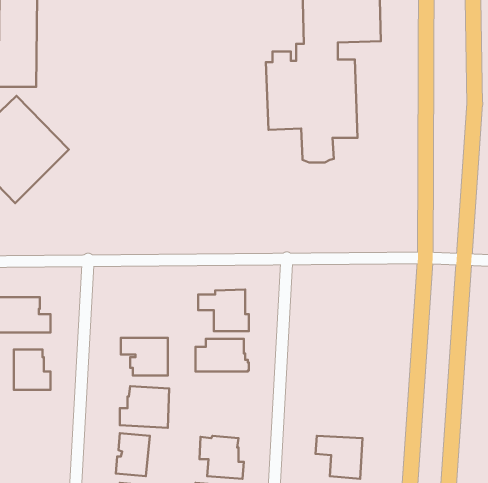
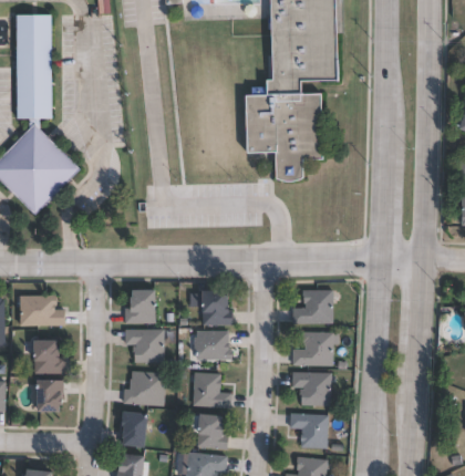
building: none -> [124,289,155,323]
building: none -> [292,290,332,324]
building: none -> [292,332,333,366]
building: none -> [292,372,331,406]
building: none -> [193,373,231,408]
building: none -> [37,380,63,411]

